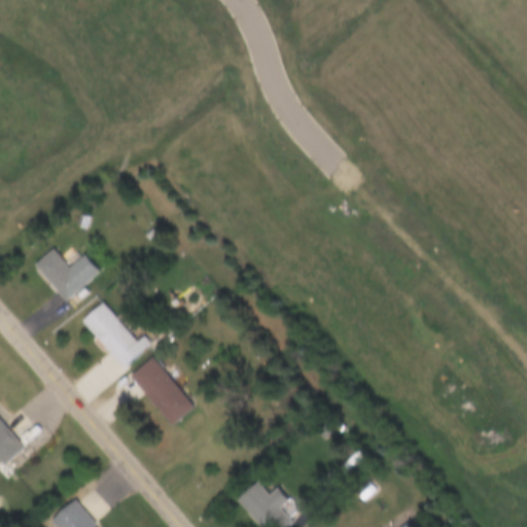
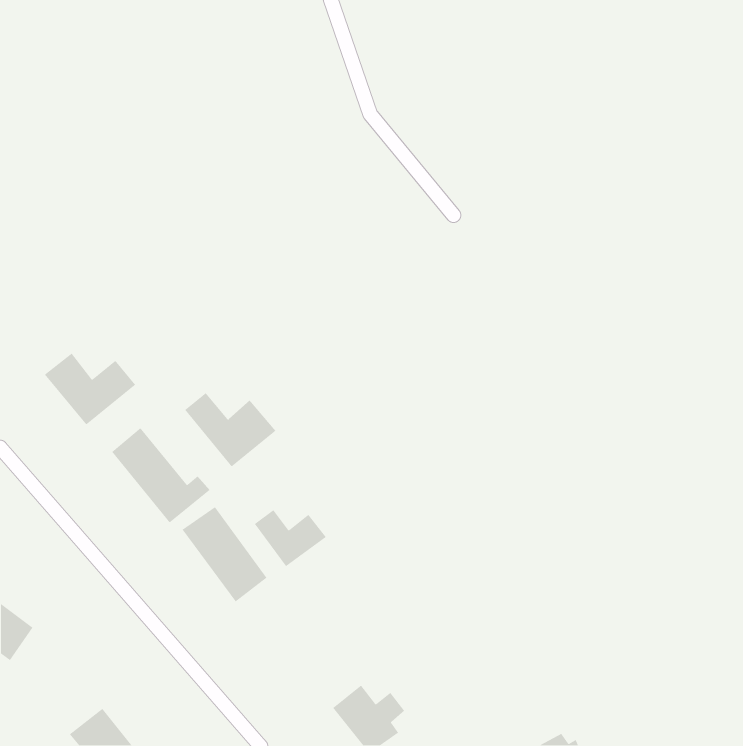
building: none -> [184,392,276,467]
building: none -> [254,509,327,567]

